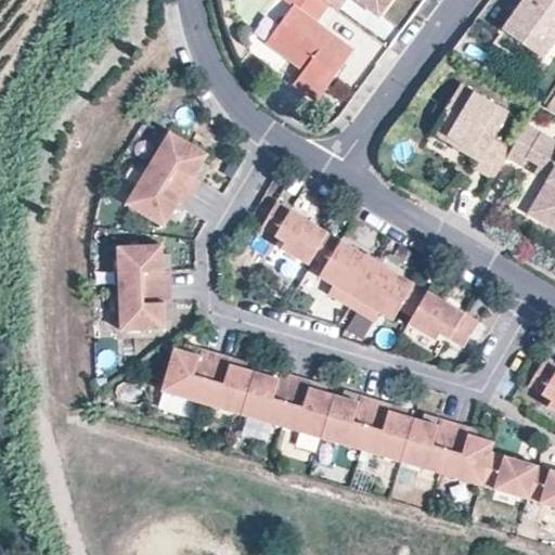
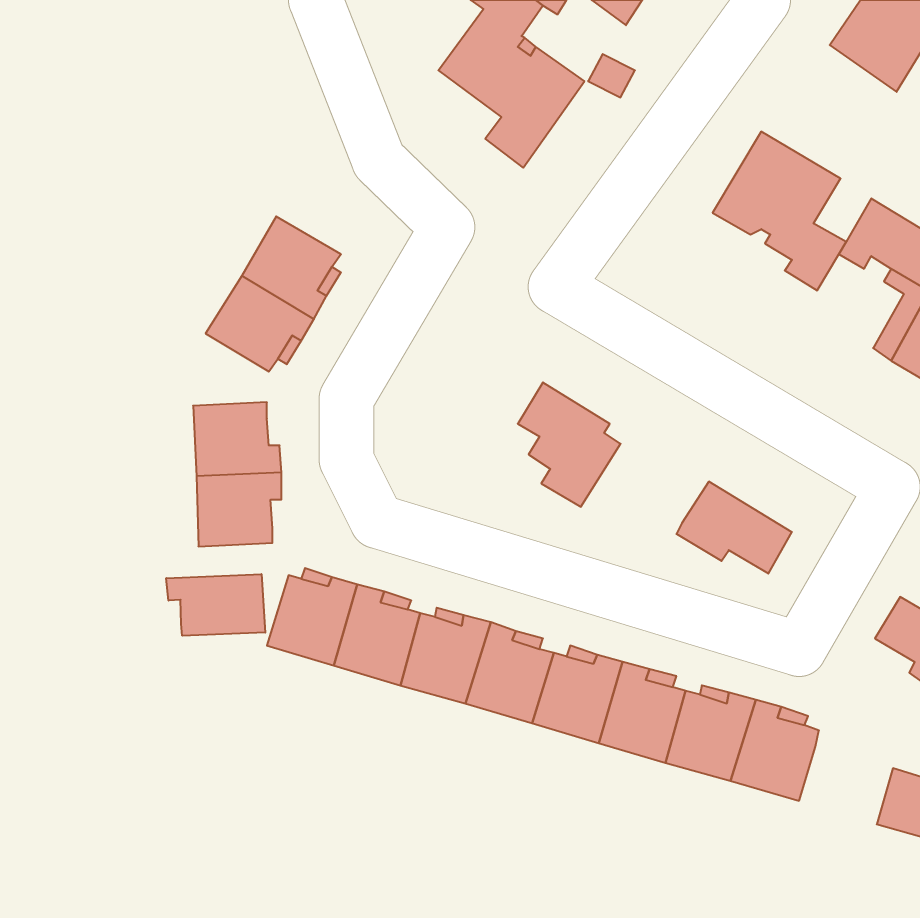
building: [260,202,327,263] -> none
building: [350,268,427,321] -> none
building: none -> [166,574,265,636]
building: [481,451,538,498] -> none

